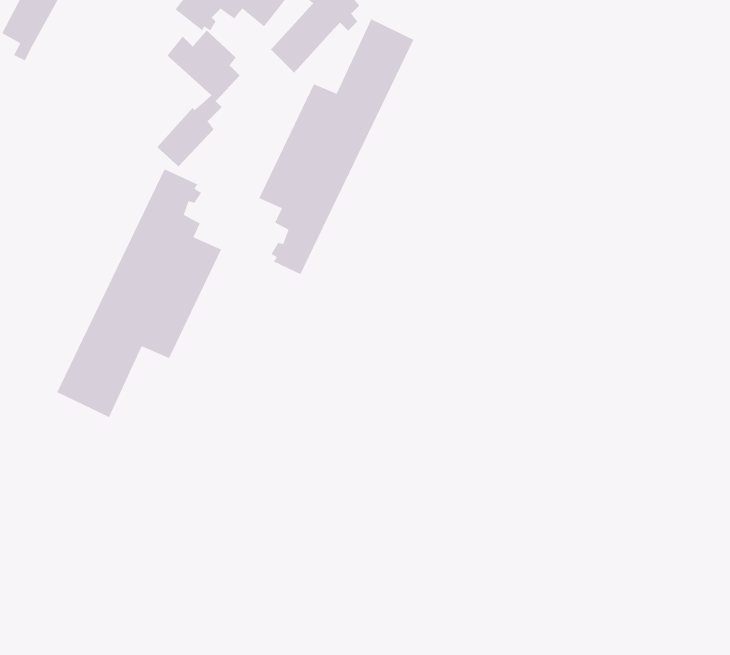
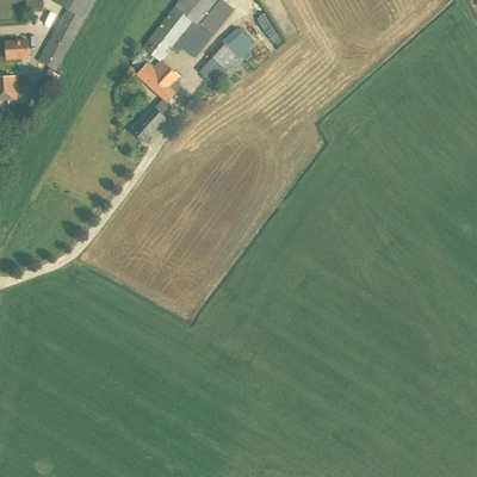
building: [258,18,414,275] -> none
building: [56,168,222,418] -> none

